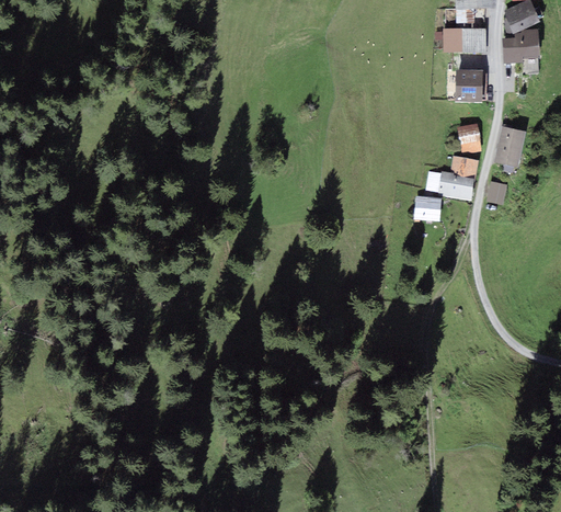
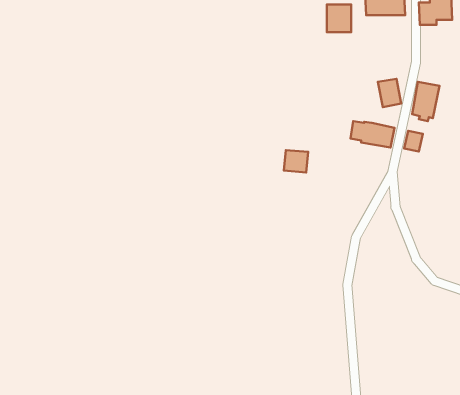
building: [455,70,482,101] -> [327,5,351,32]
building: [449,155,478,178] -> none
building: [413,195,440,220] -> [284,150,308,173]

